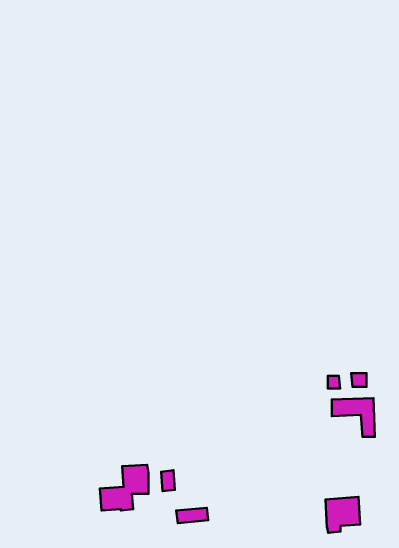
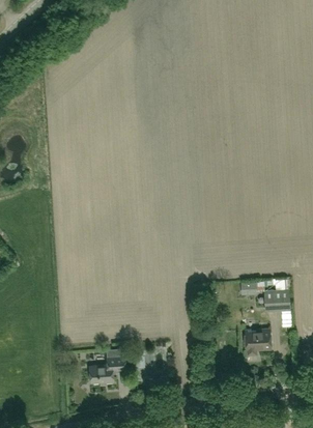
building: [325,497,360,533] -> [244,330,269,356]

